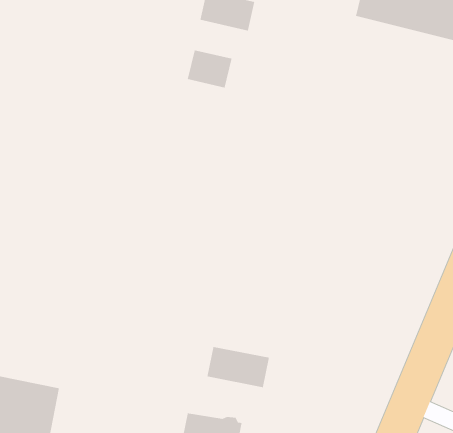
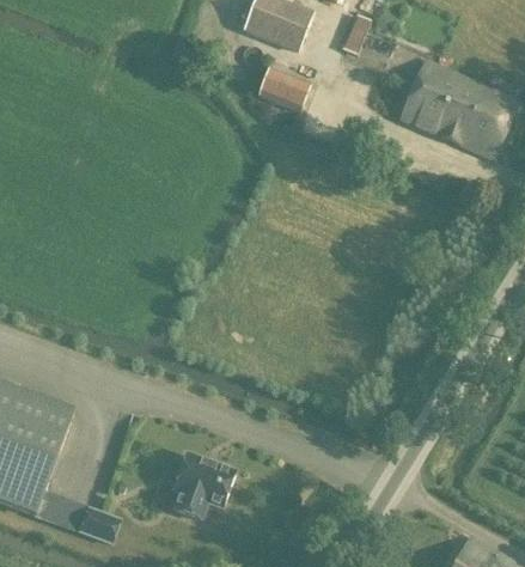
building: [187,49,232,88] -> none
building: [207,346,270,388] -> none

